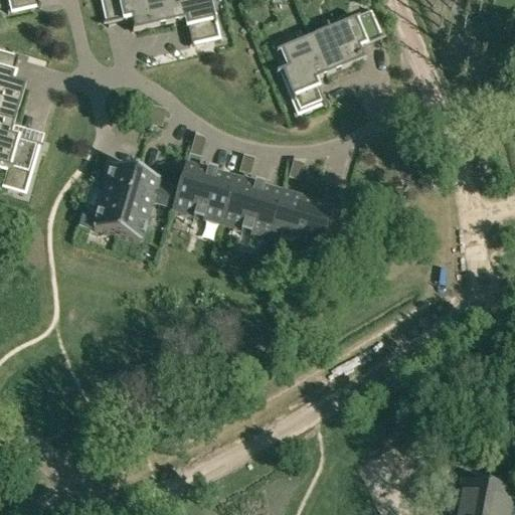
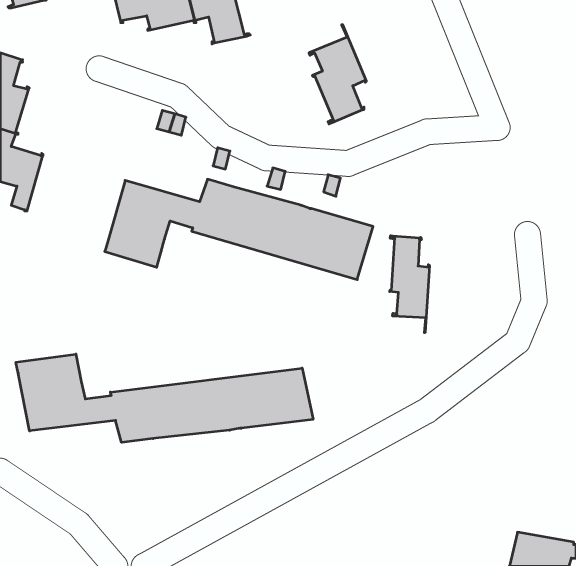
building: [306,4,381,72] -> none
building: none -> [390,236,429,333]
building: none -> [16,354,313,442]

